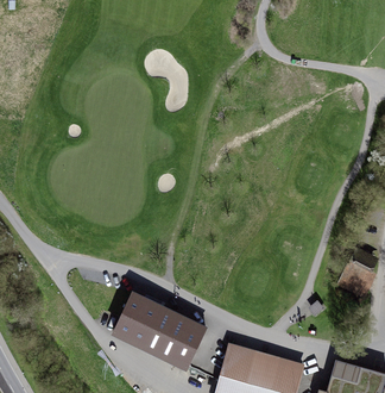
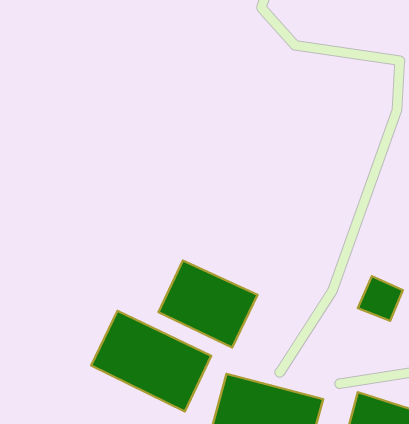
building: none -> [159,261,257,347]

